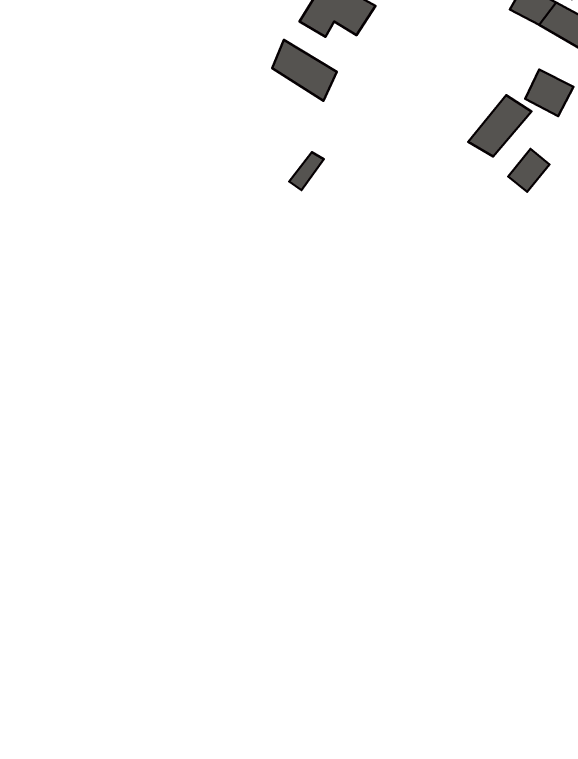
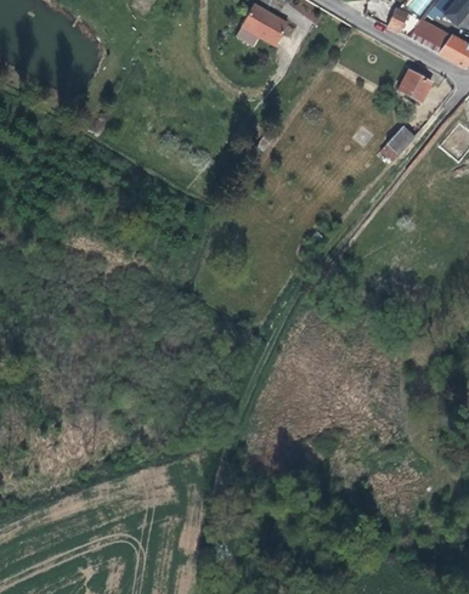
building: [272,40,337,101] -> none
building: [468,95,532,156] -> none

